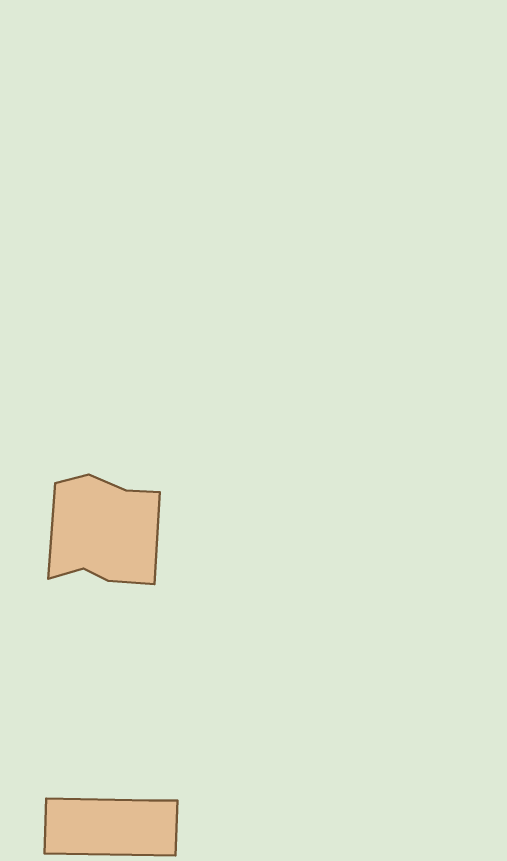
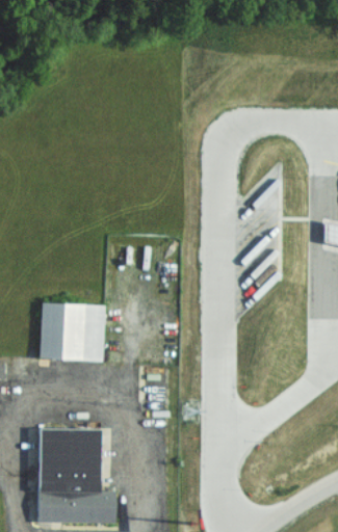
building: none -> [40,428,102,490]

